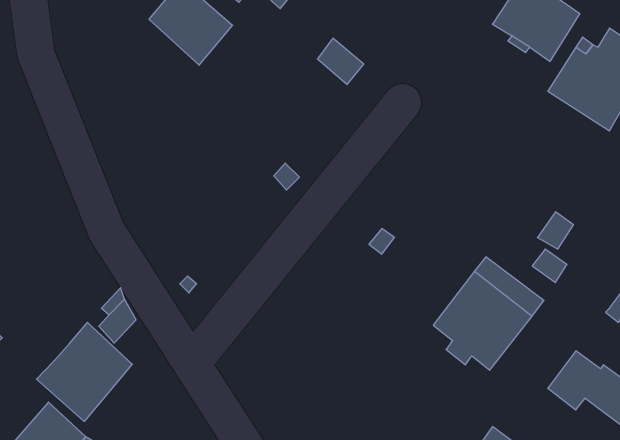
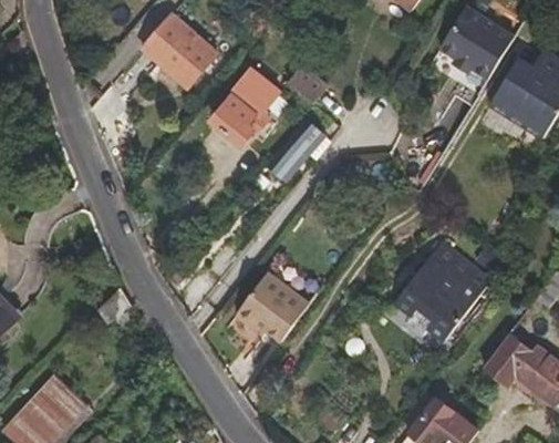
building: none -> [211,64,281,144]
building: none -> [271,123,331,181]
building: none -> [237,272,307,339]
building: [36,322,132,421] -> none

